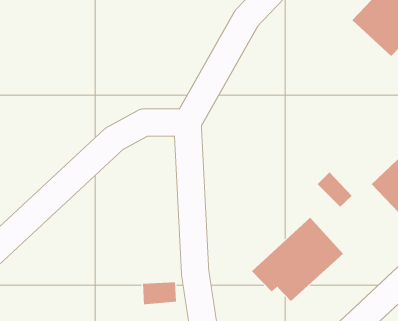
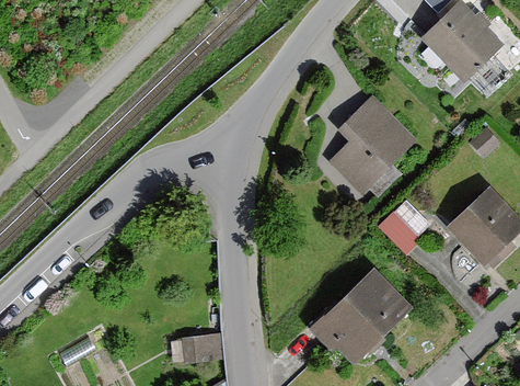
building: none -> [331,98,419,196]

